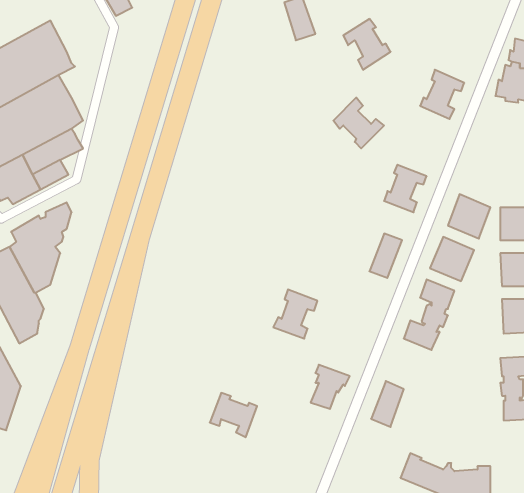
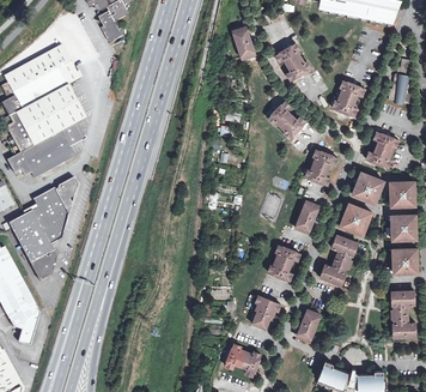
building: none -> [366,132,397,167]
building: [273,289,317,339] -> [267,245,299,281]
building: [210,393,257,437] -> [225,344,260,376]

